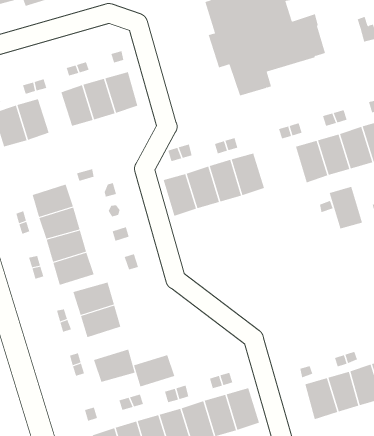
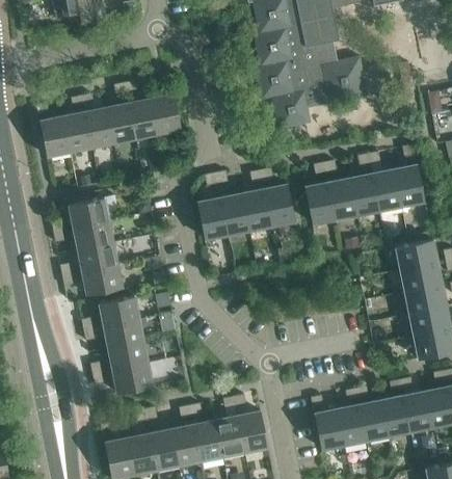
building: none -> [85,108,114,147]
building: [329,186,363,229] -> [305,183,336,223]
building: [133,354,175,387] -> [109,341,149,370]

